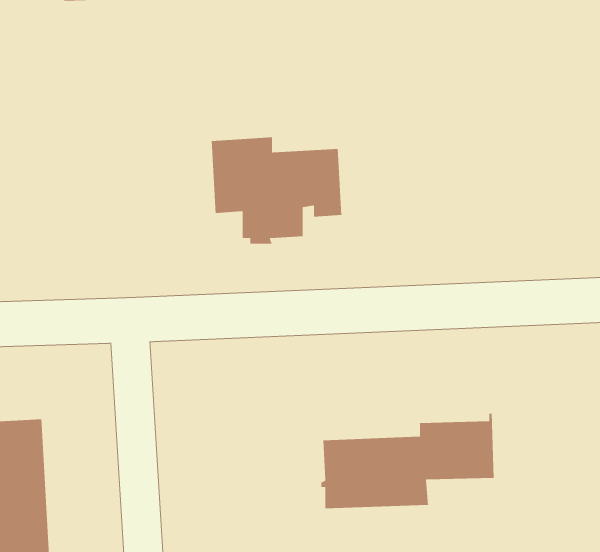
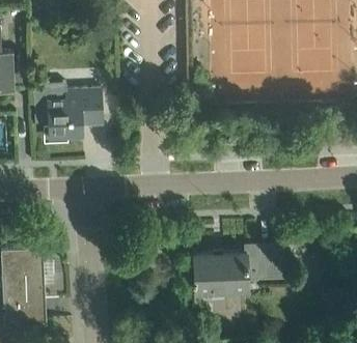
building: [211,137,342,245] -> [32,84,103,142]

